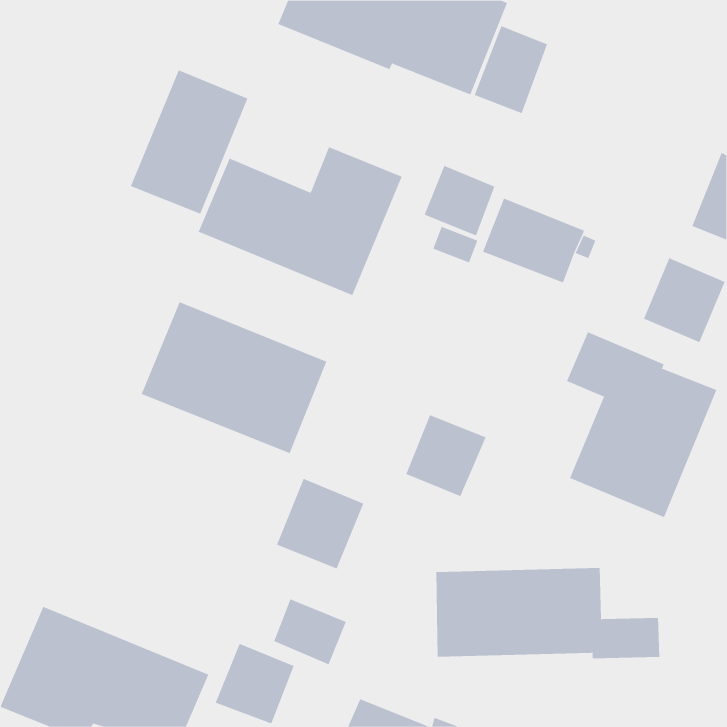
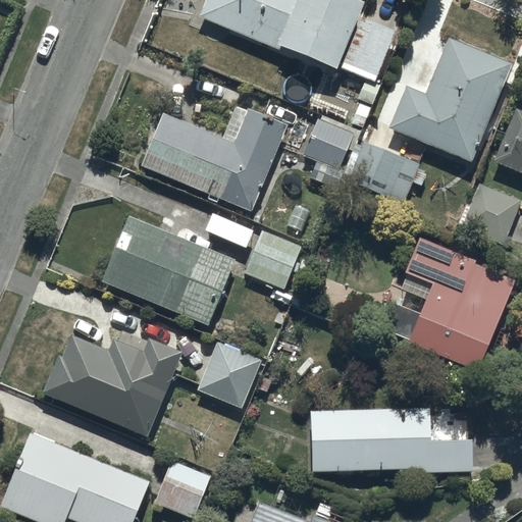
building: none -> [389,36,512,161]
building: [130,69,248,215] -> none
building: [405,414,487,497] -> [244,230,302,290]
building: none -> [43,336,182,437]
building: [273,599,346,665] -> none

